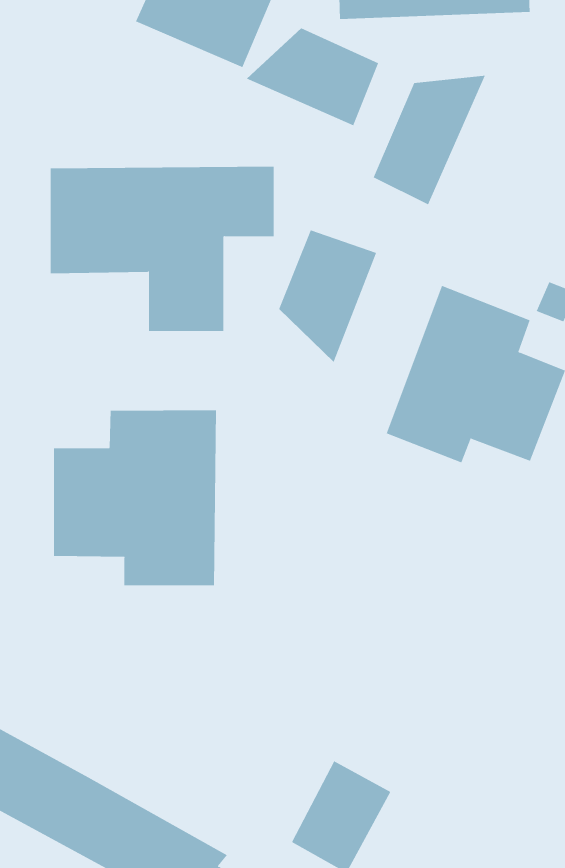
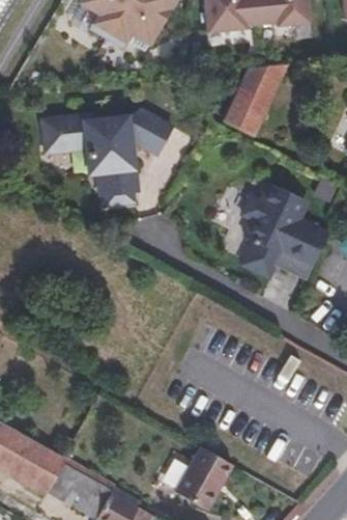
building: [246,27,379,126] -> none
building: [278,230,377,363] -> none
building: [54,409,216,586] -> none

